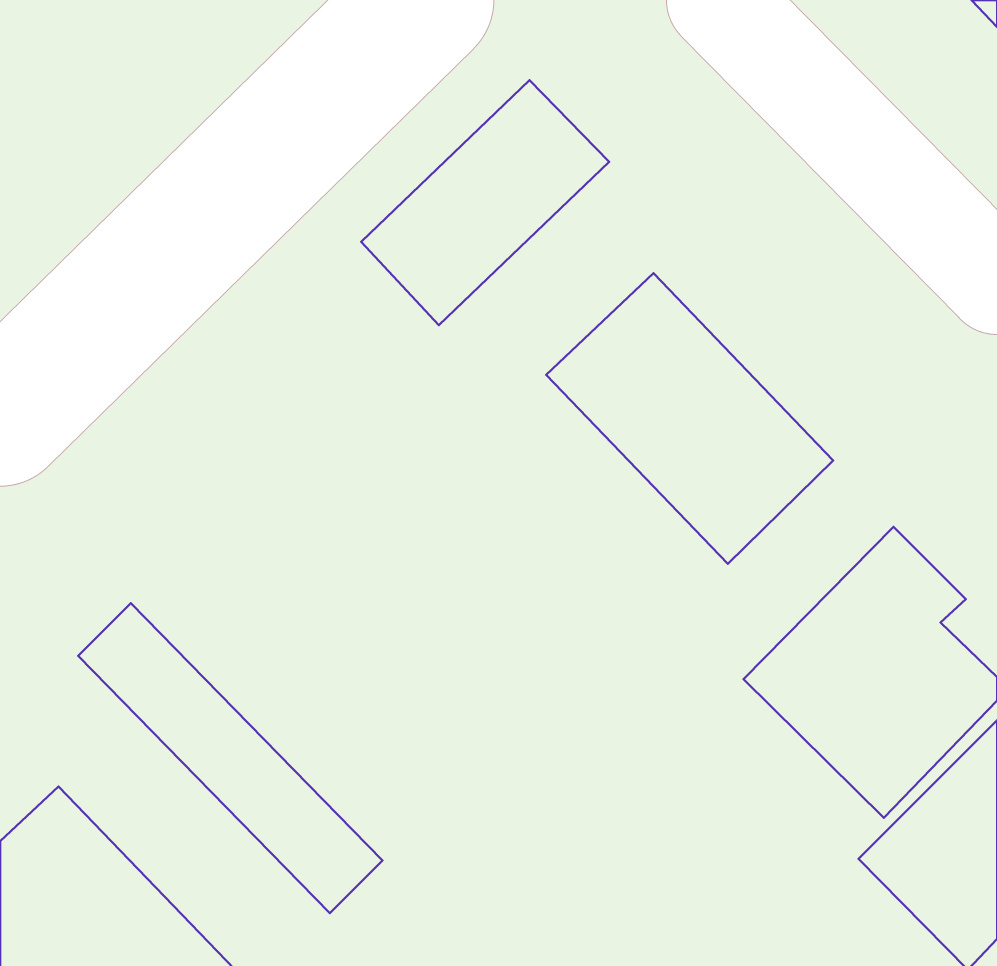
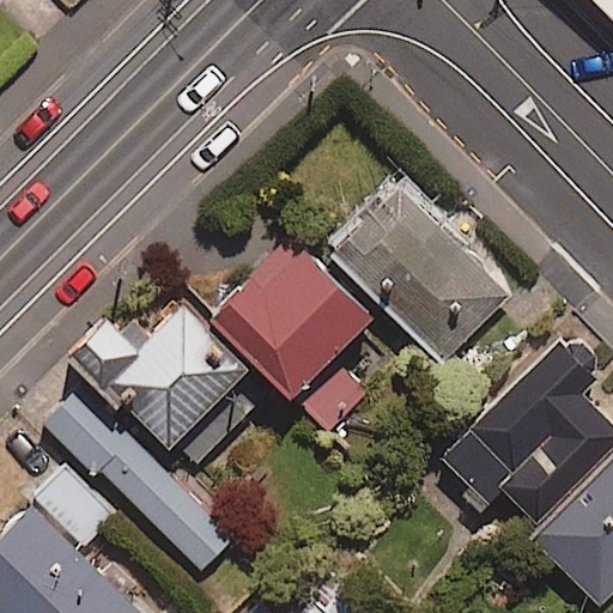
building: [361,80,609,325] -> none
building: none -> [218,229,376,387]
building: none -> [72,298,250,444]

